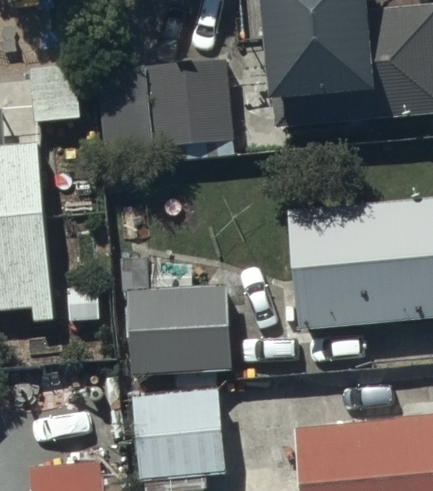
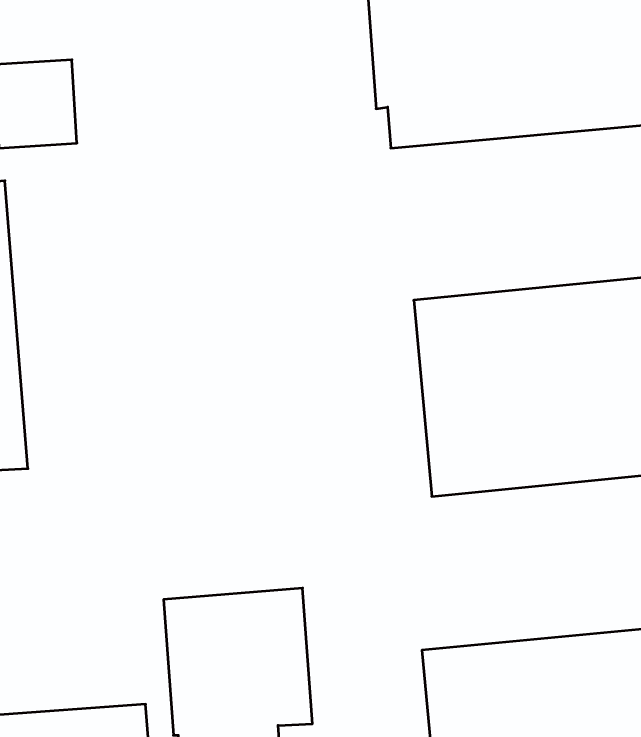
building: [96,63,234,157] -> none
building: [119,258,227,374] -> none

